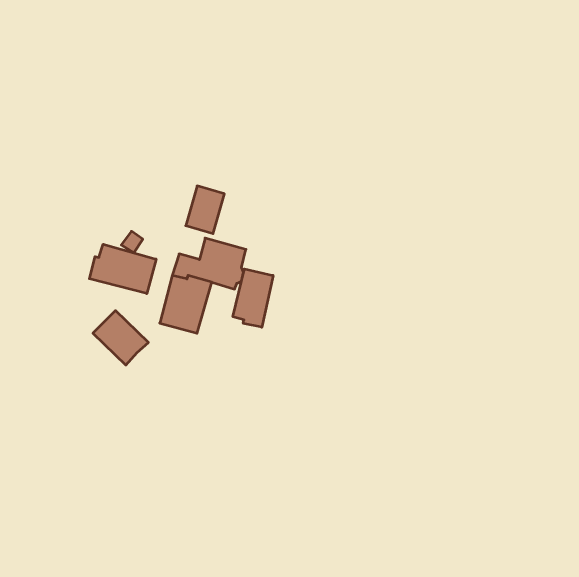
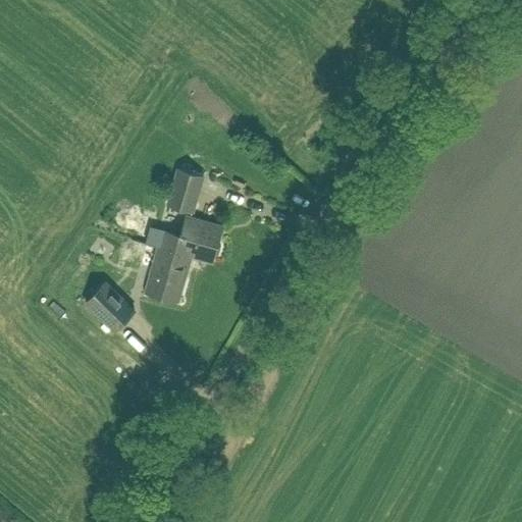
building: [89,244,156,294] -> none
building: [233,269,273,327] -> none

